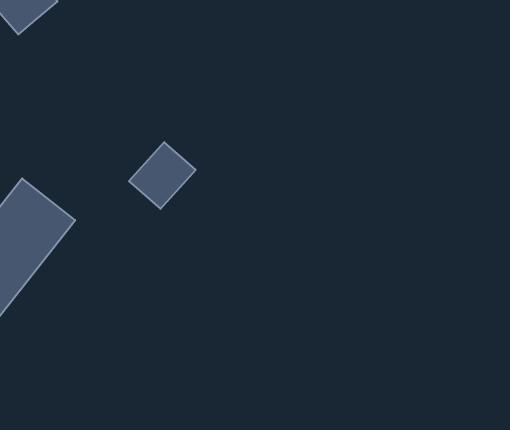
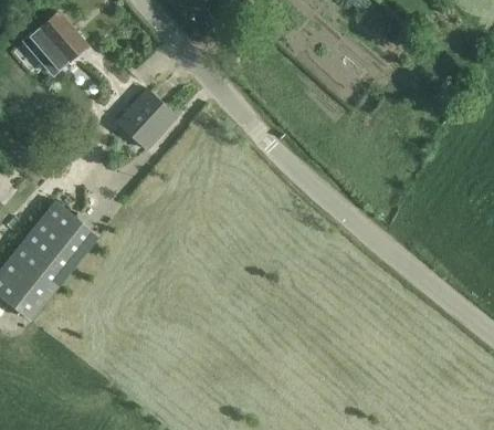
building: [129,142,196,209] -> [115,90,174,148]

